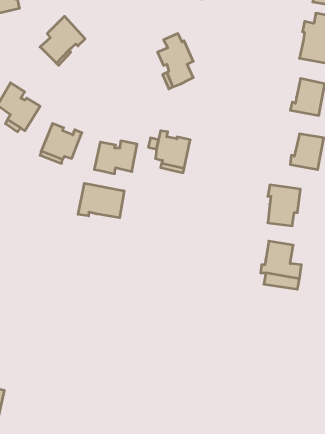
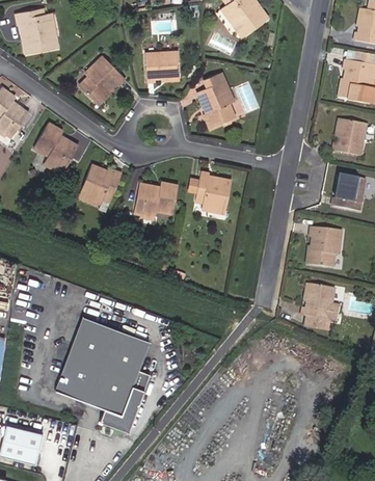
building: none -> [144,52,179,82]
building: [78,183,124,218] -> none
building: none -> [55,321,151,432]

